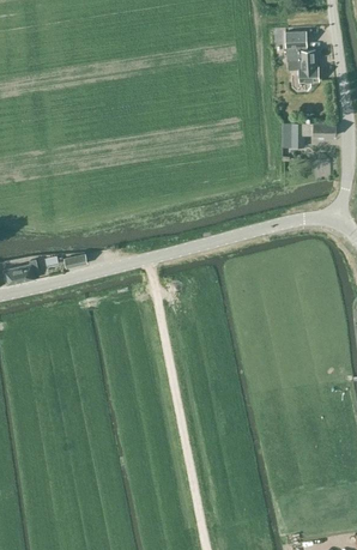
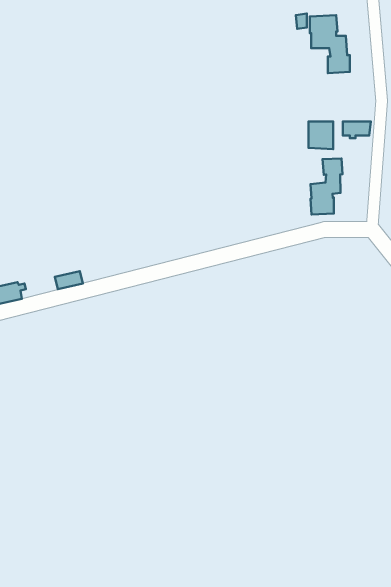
building: none -> [310,159,343,214]

